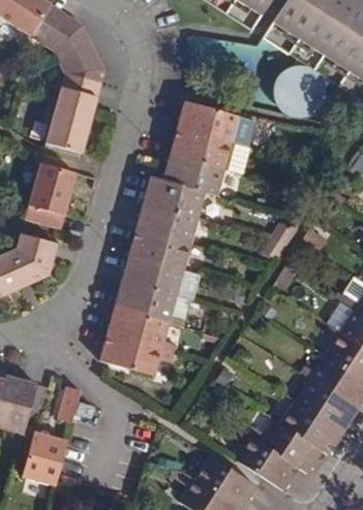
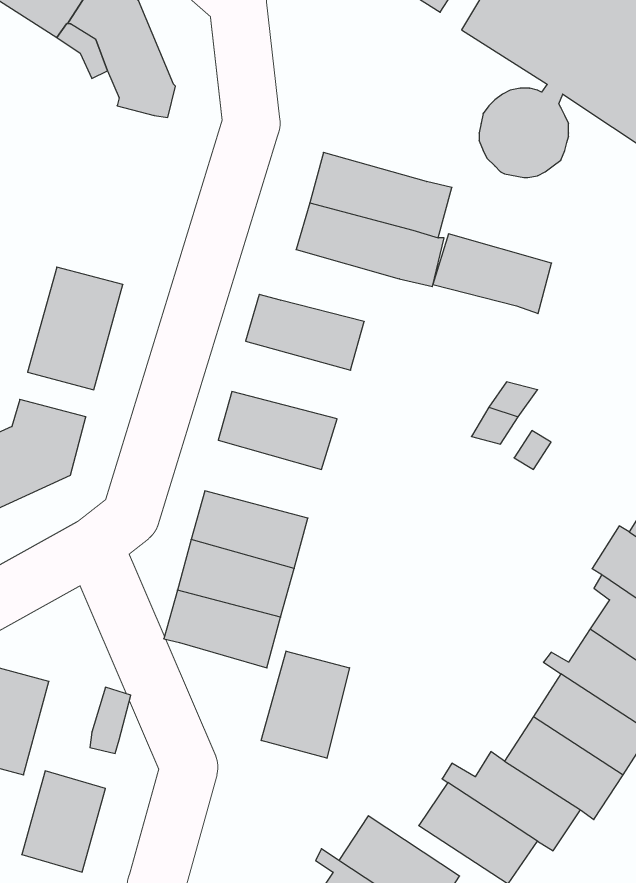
building: [48,75,98,153] -> none
building: [161,154,224,196] -> [433,234,552,314]
building: [135,202,199,244] -> none
building: [121,255,183,296] -> none
building: none -> [261,651,350,758]

